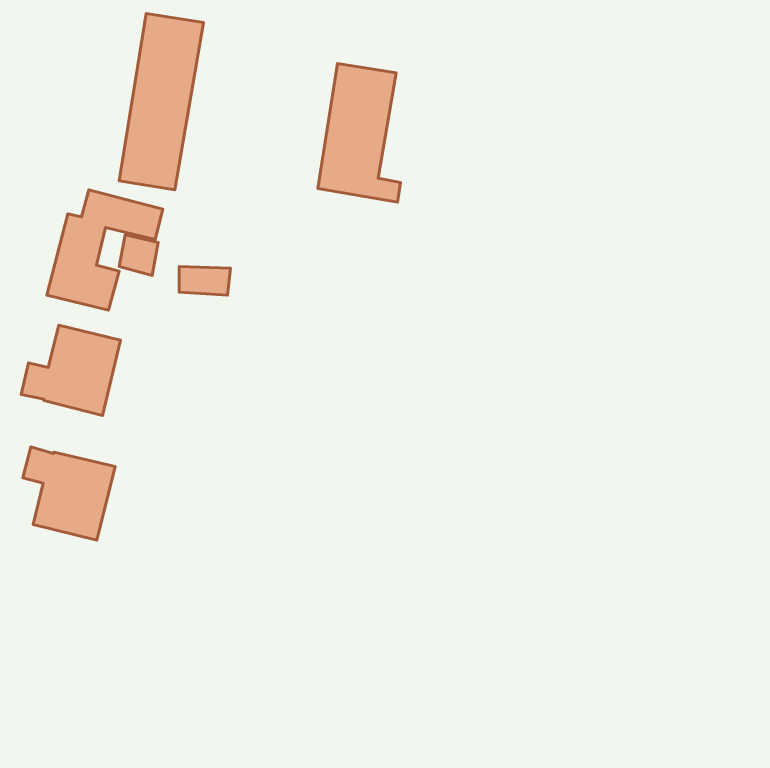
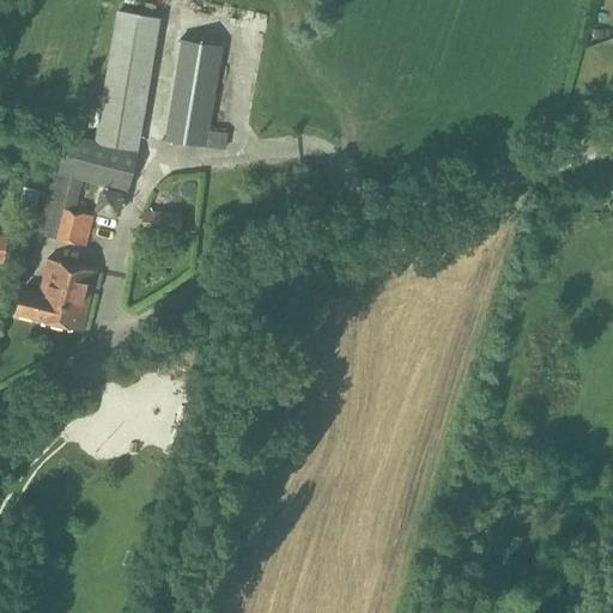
building: [318,64,401,202] -> [162,38,227,148]
building: [23,447,115,540] -> none

